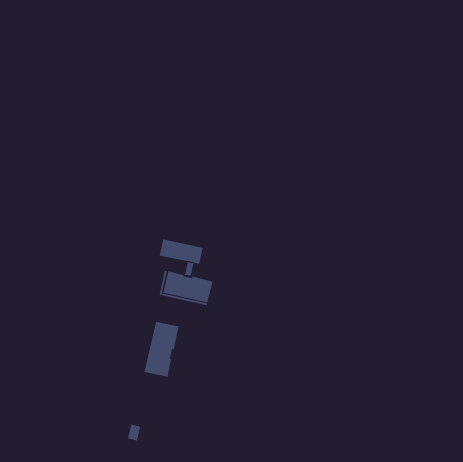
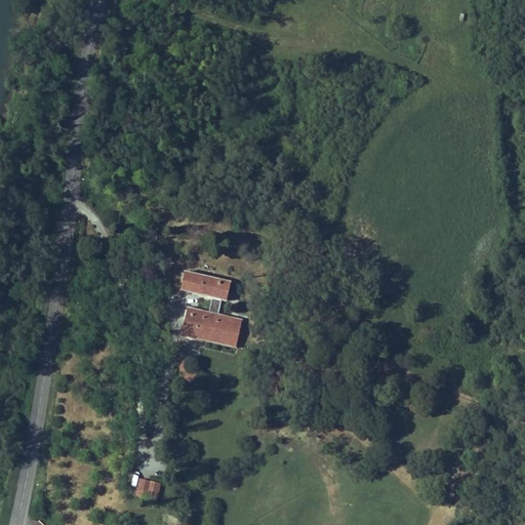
building: [144,321,179,378] -> none

